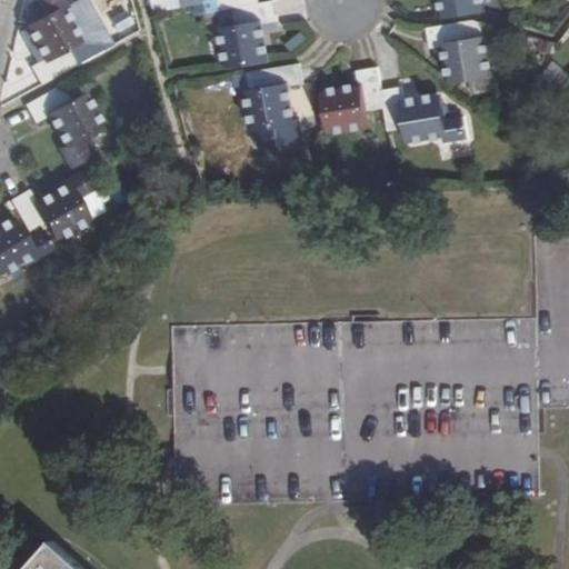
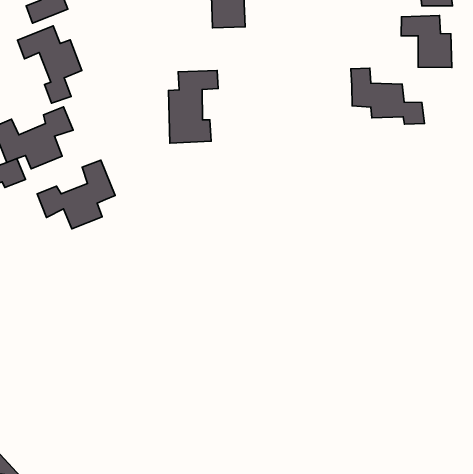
building: [250,64,302,148] -> [168,71,218,143]
building: [325,67,385,130] -> none
building: none -> [37,160,115,229]

